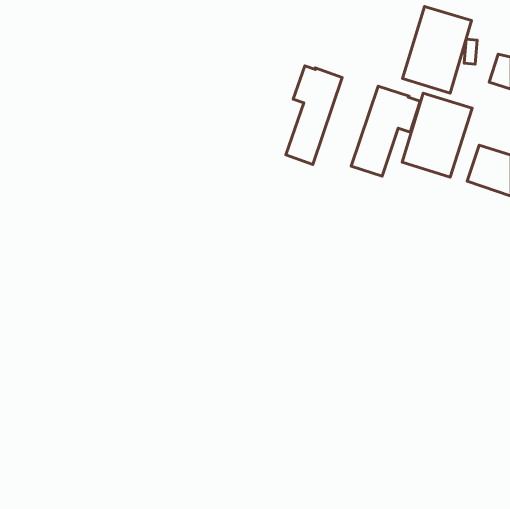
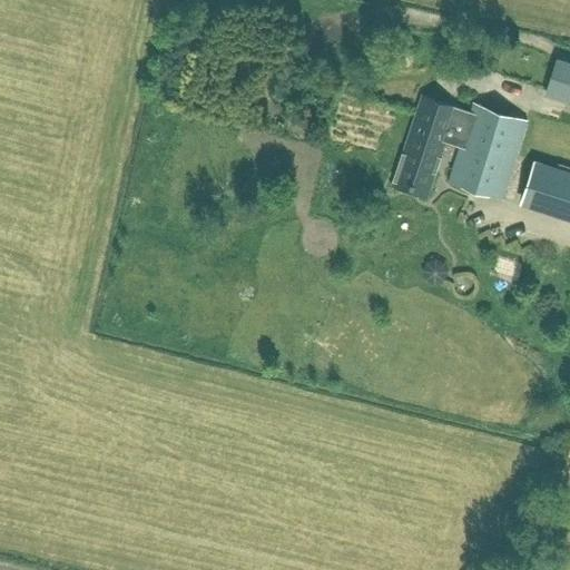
building: [402,6,471,93] -> none
building: [286,66,342,164] -> none

